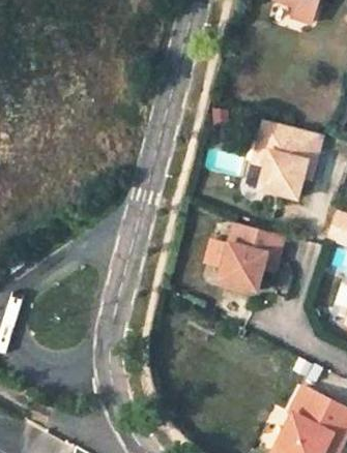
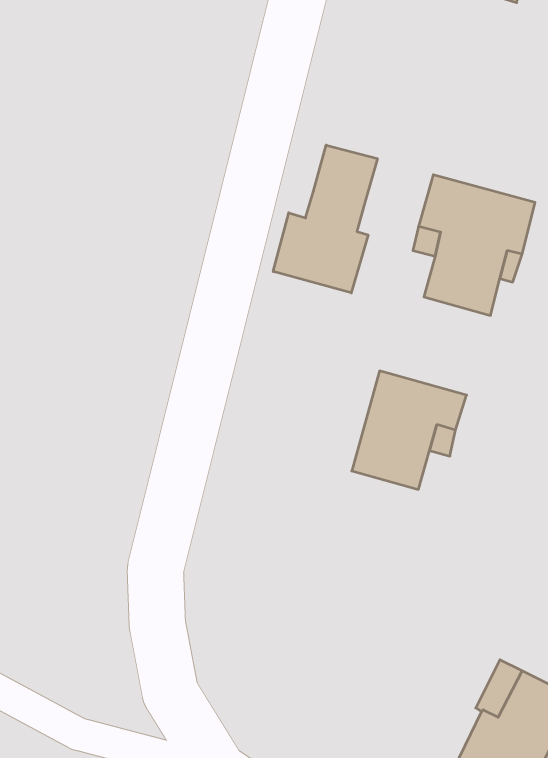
building: none -> [273,145,377,293]

